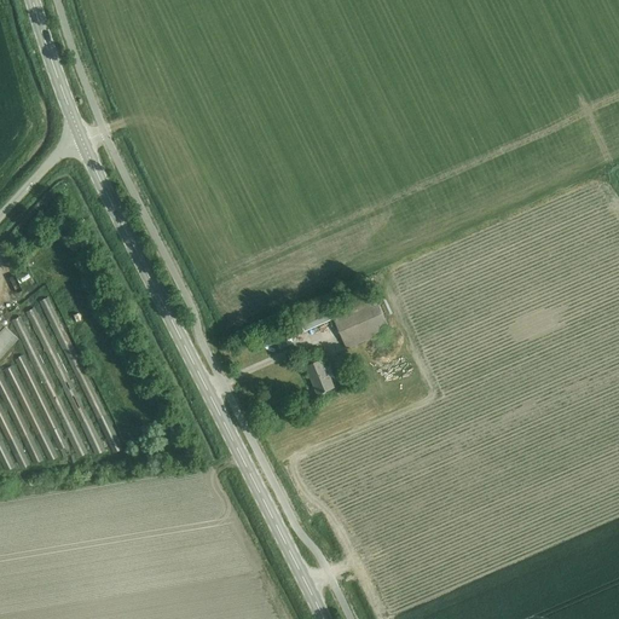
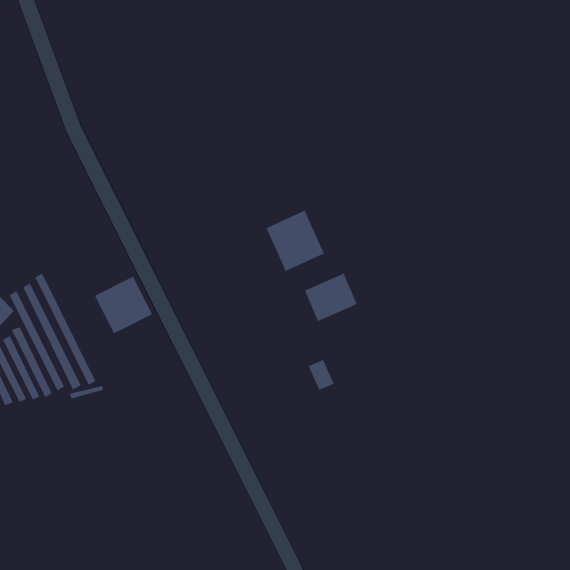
building: none -> [266,210,324,272]
building: none -> [94,276,153,334]
building: [302,358,331,392] -> [308,359,335,391]

